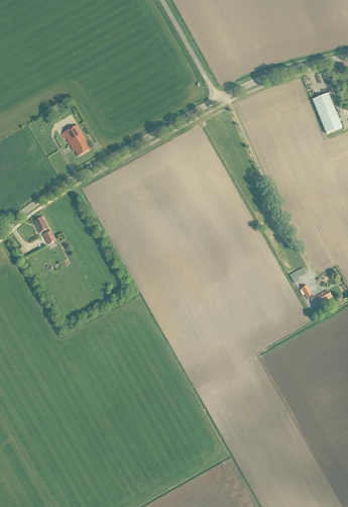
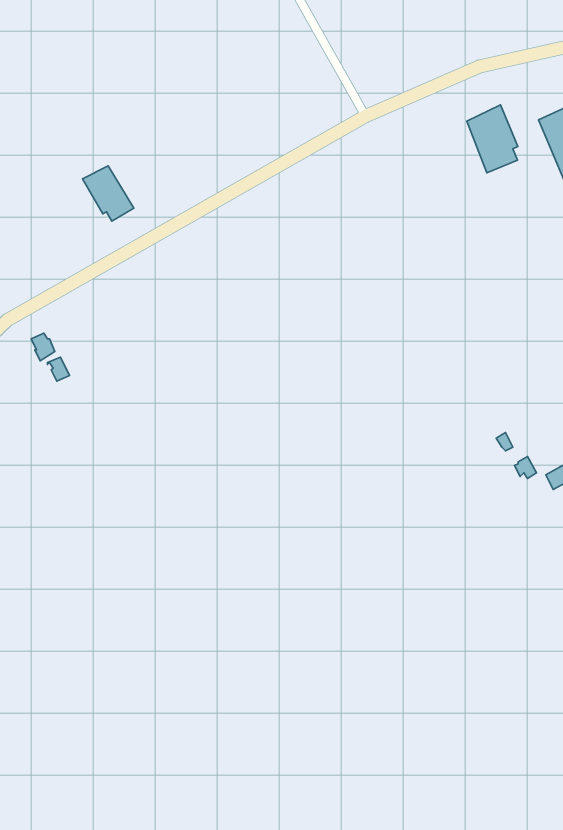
building: none -> [467,105,518,173]

